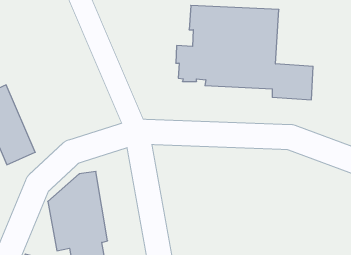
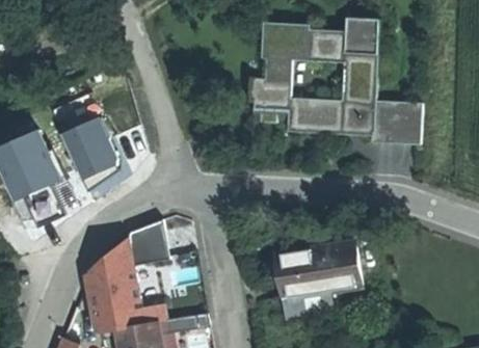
building: none -> [57,111,123,187]
building: none -> [272,242,355,314]

